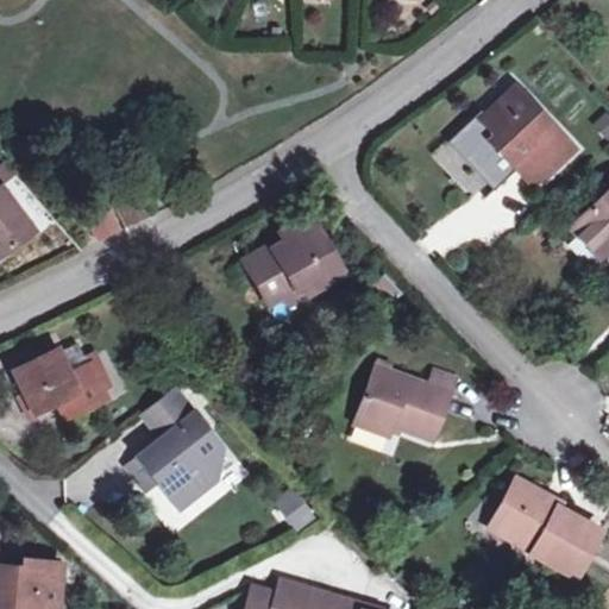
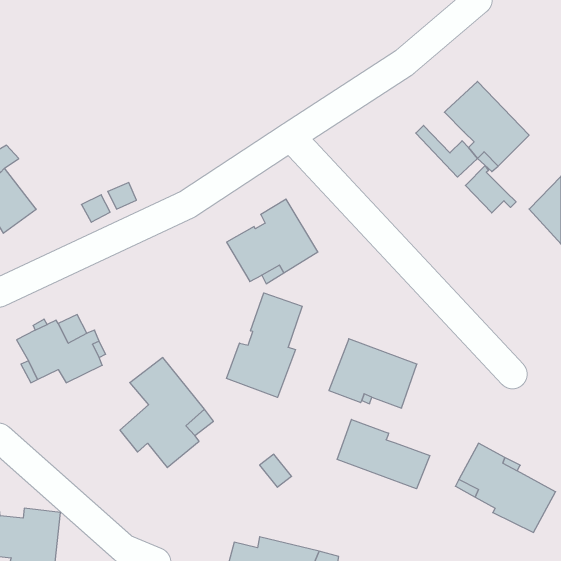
building: [458,115,513,167] -> [465,166,516,213]
building: none -> [226,293,302,397]
building: none -> [337,419,430,489]

